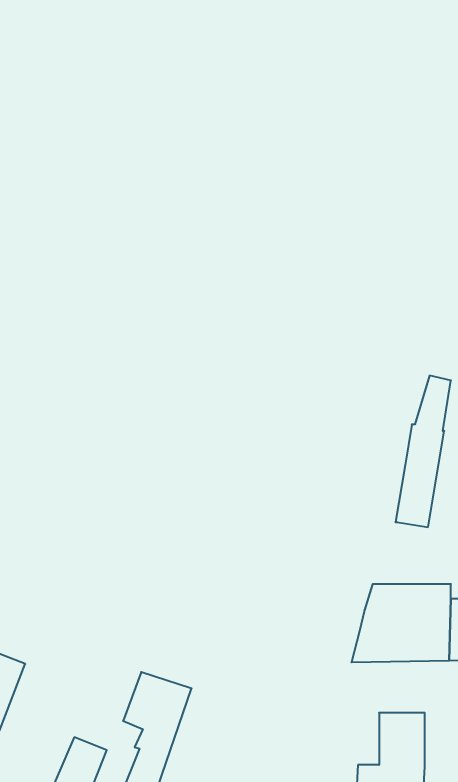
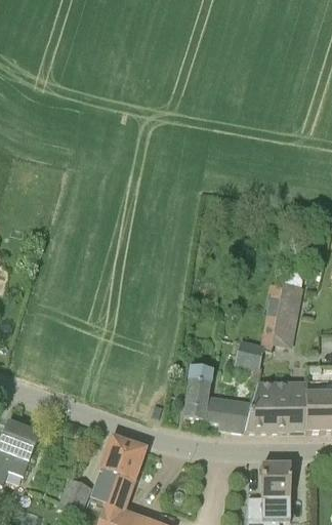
building: none -> [235,307,278,367]
building: none -> [183,366,252,432]

